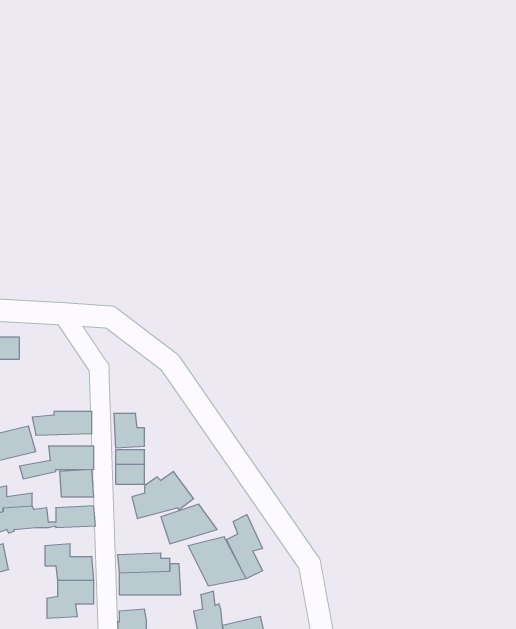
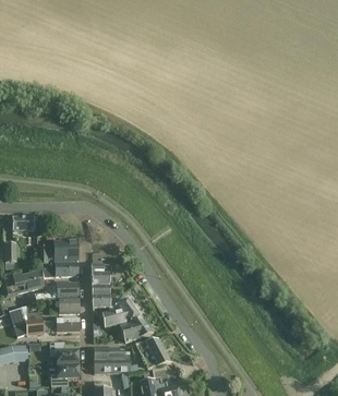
building: none -> [39,239,77,262]
building: [227,515,263,579] -> none

